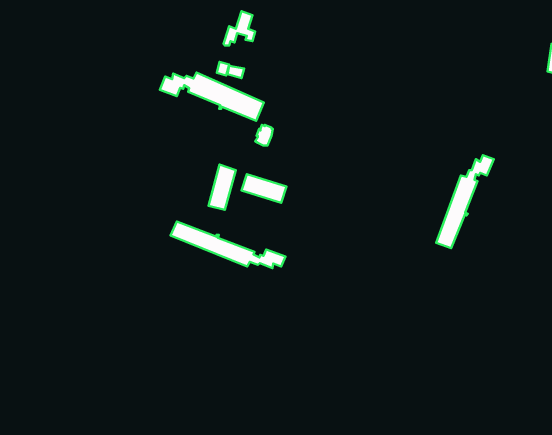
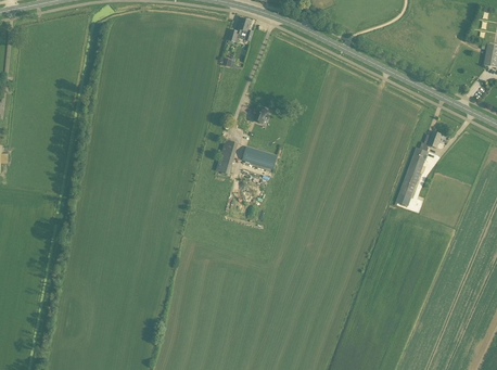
building: [160,73,264,121] -> none
building: [170,222,286,268] -> none

